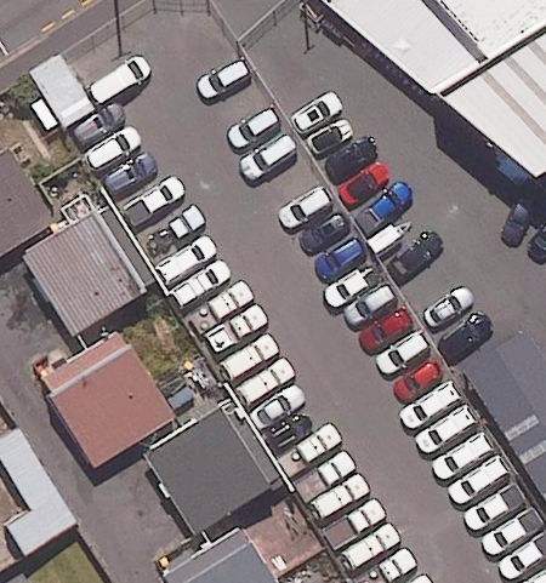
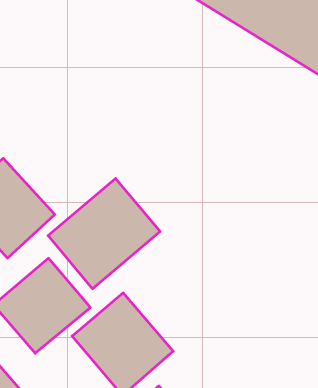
building: none -> [48,178,160,289]

